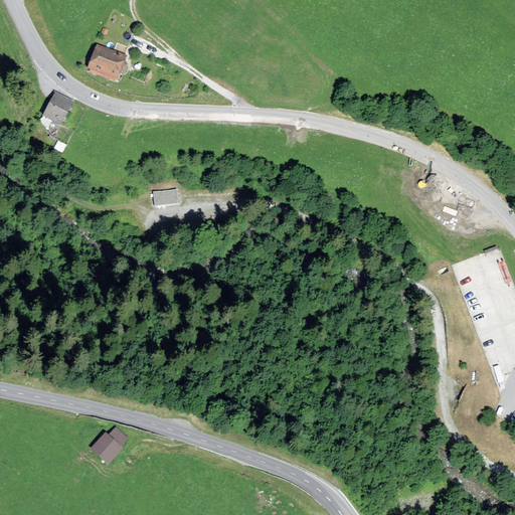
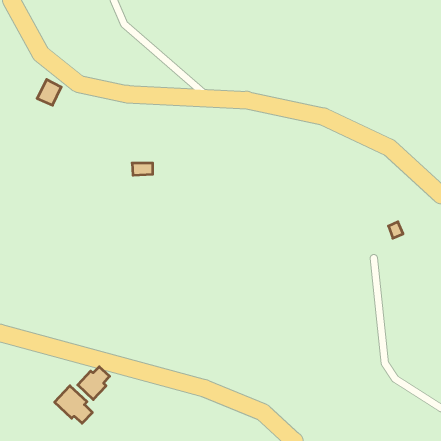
building: [90,46,125,78] -> none
building: none -> [55,386,92,423]

